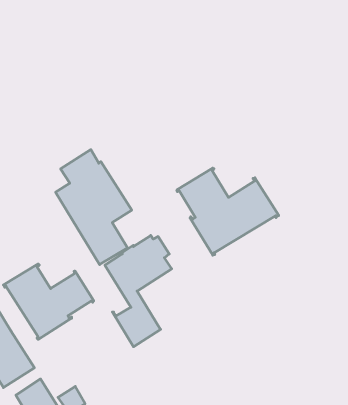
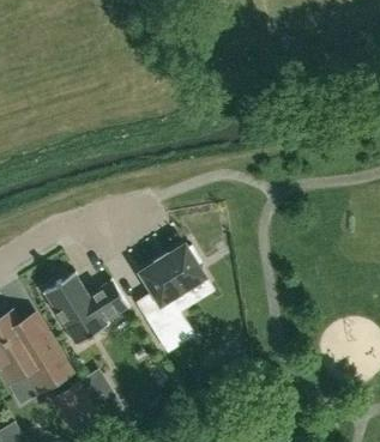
building: [56,150,132,265] -> none
building: [177,168,279,255] -> none

